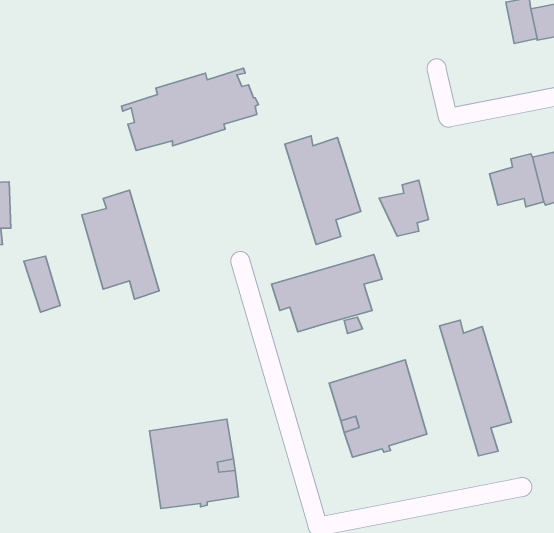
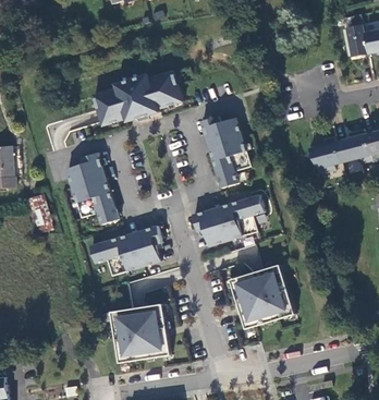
building: [379,180,429,236] -> [308,136,341,173]
building: none -> [90,226,162,276]
building: [439,320,511,456] -> none

